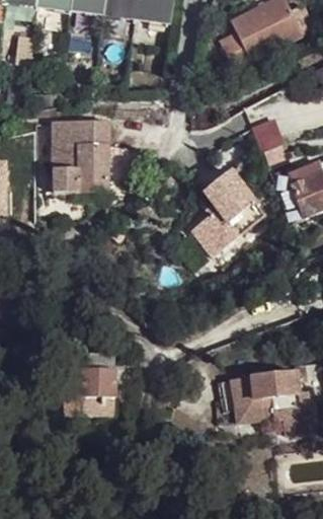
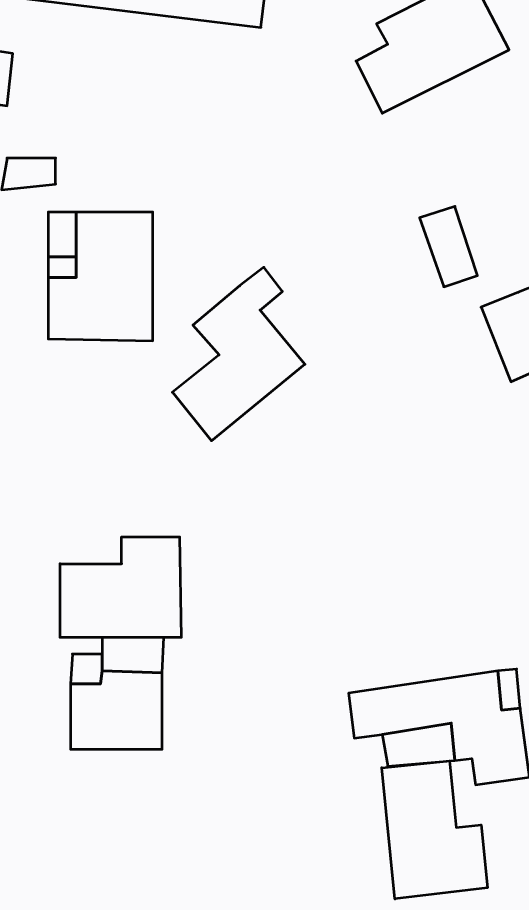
building: [190,158,262,252] -> [172,267,305,441]
building: none -> [60,537,181,637]
building: none -> [382,761,487,899]

